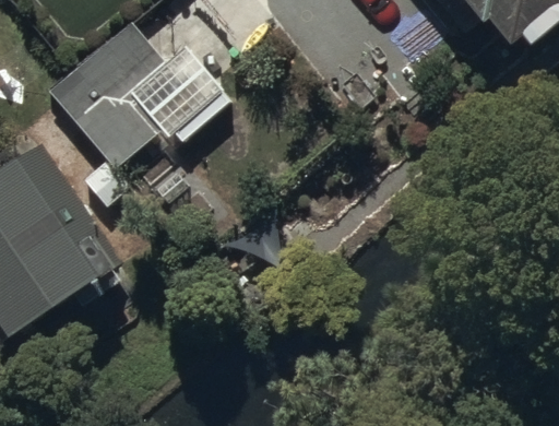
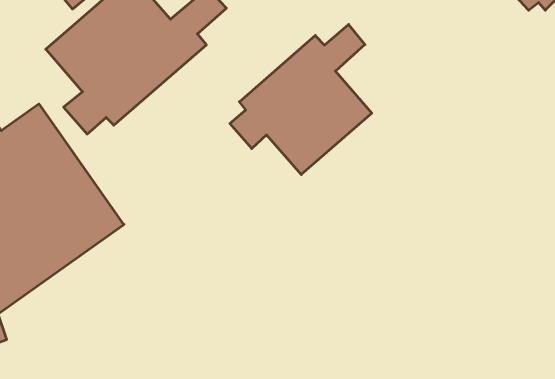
building: none -> [230,24,372,175]

